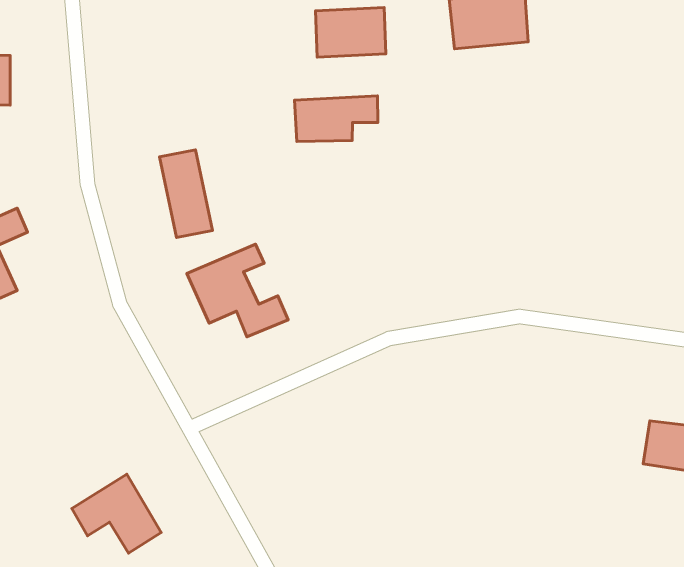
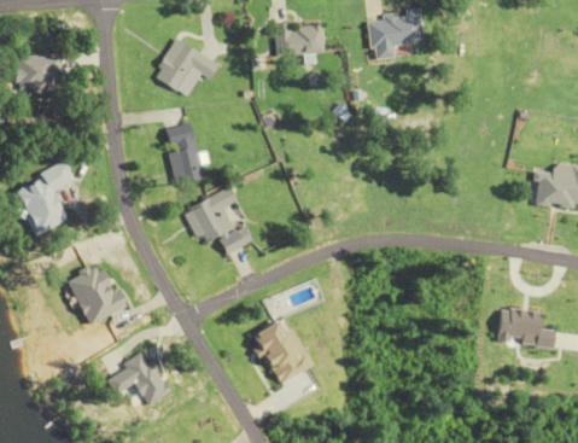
building: none -> [152,39,205,91]
building: [294,96,378,142] -> none
building: none -> [65,261,124,323]
building: none -> [252,316,308,384]

